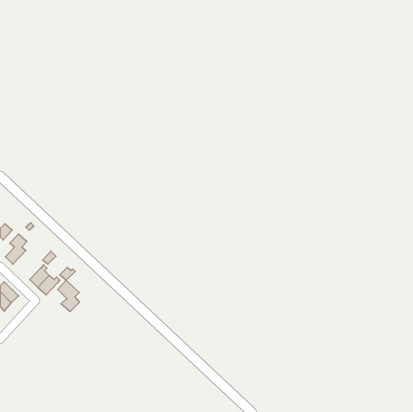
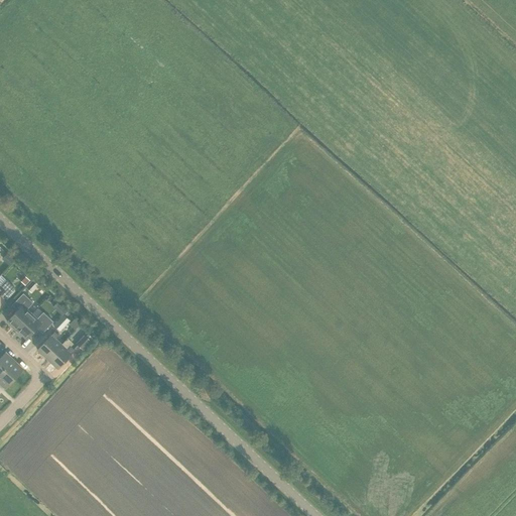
building: none -> [16,311,53,339]
building: [58,280,80,312] -> none

